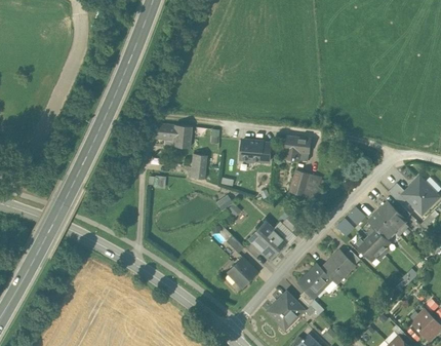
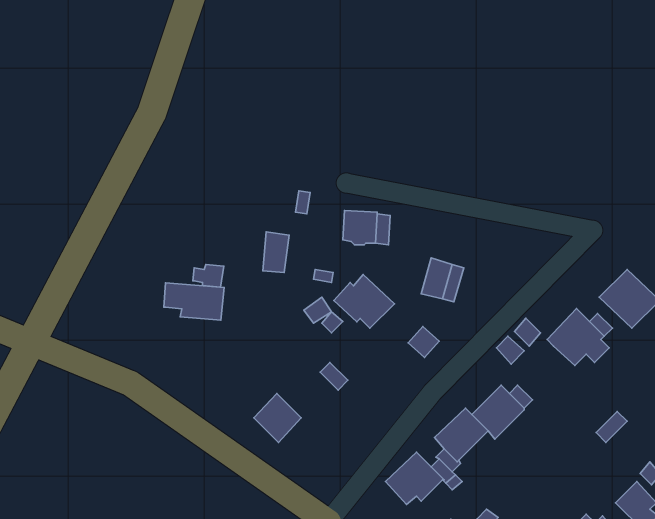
building: [154,123,192,147] -> [164,283,224,320]
building: [284,137,311,161] -> none
building: [249,223,287,257] -> [334,274,394,328]
building: [355,225,392,262] -> none
building: [228,257,257,287] -> [254,393,301,442]

